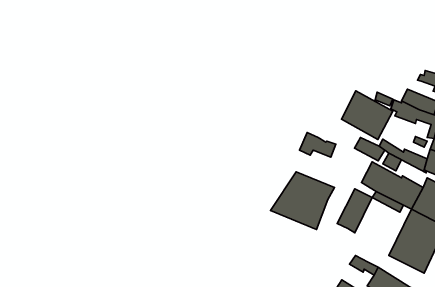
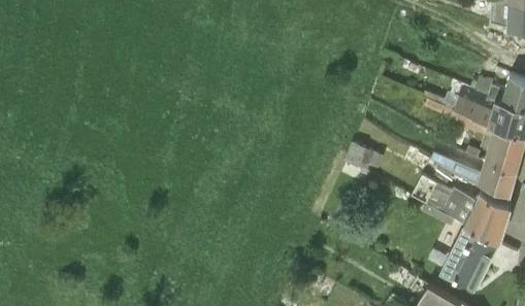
building: [341,91,393,140] -> none
building: [271,172,334,229] -> none
building: [337,189,372,233] -> none

